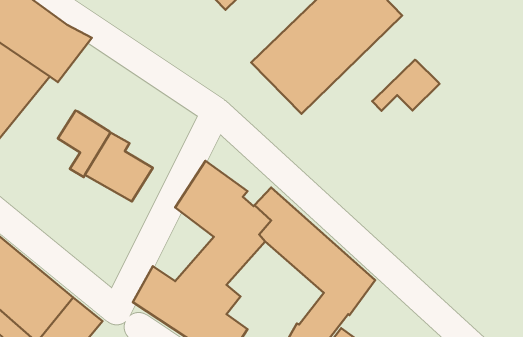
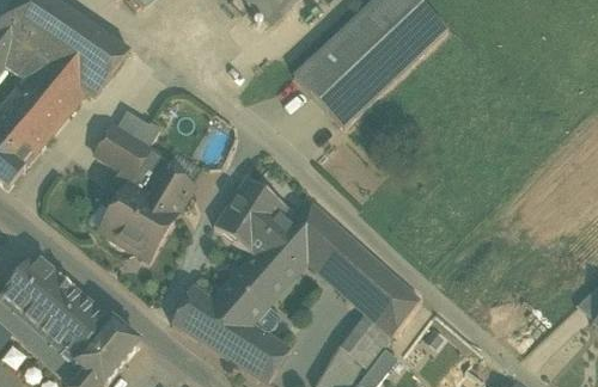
building: [372,60,440,111] -> none
building: none -> [115,108,159,146]
building: none -> [98,190,172,258]

